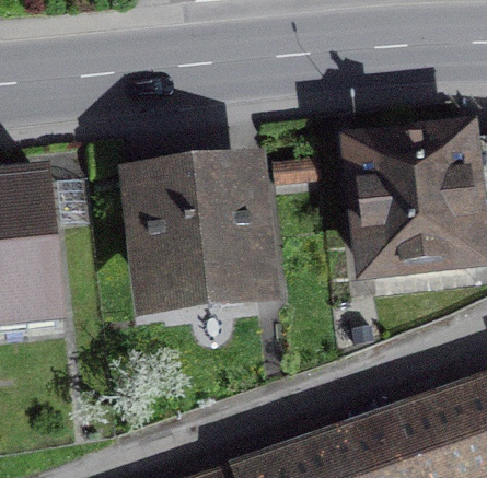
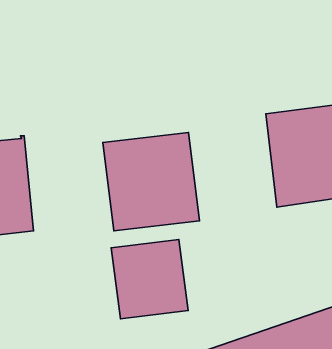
building: none -> [111,239,188,319]

